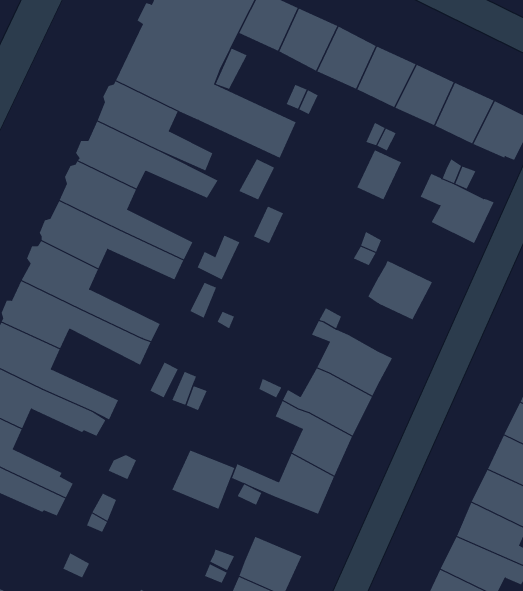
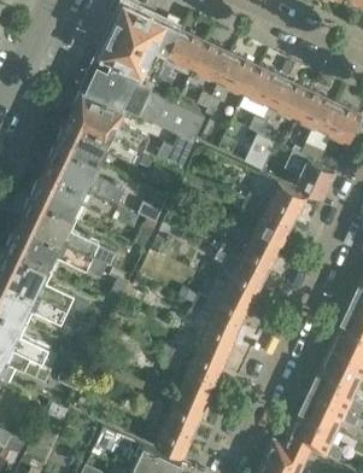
building: none -> [264,183,308,224]
building: none -> [239,234,281,275]
building: [172,450,235,510] -> [176,367,218,407]

